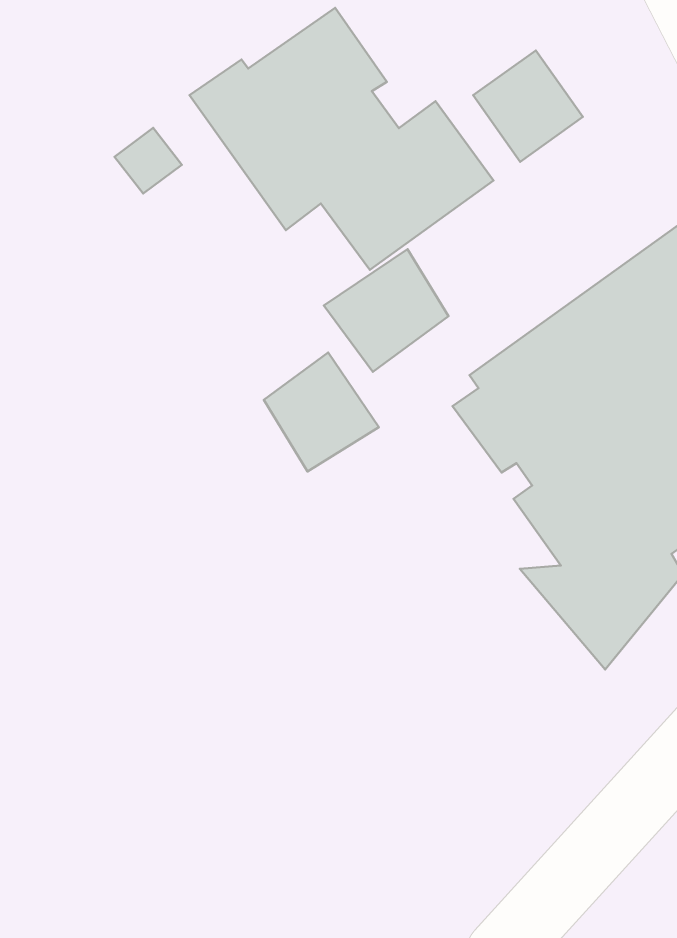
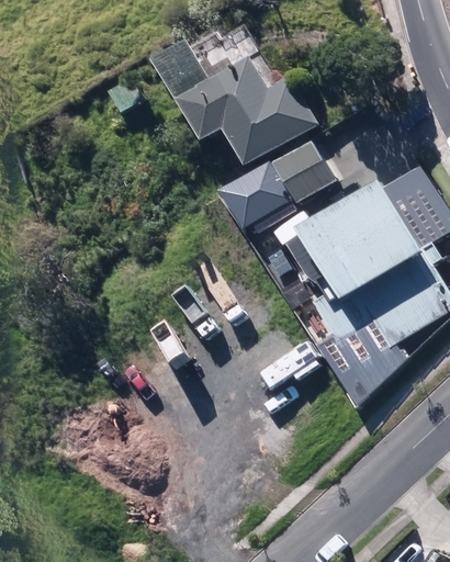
building: [473,50,583,162] -> [272,137,333,199]
building: [264,353,379,472] -> none

